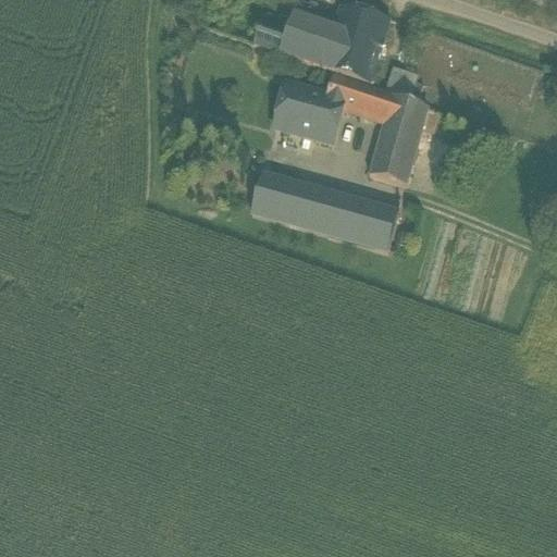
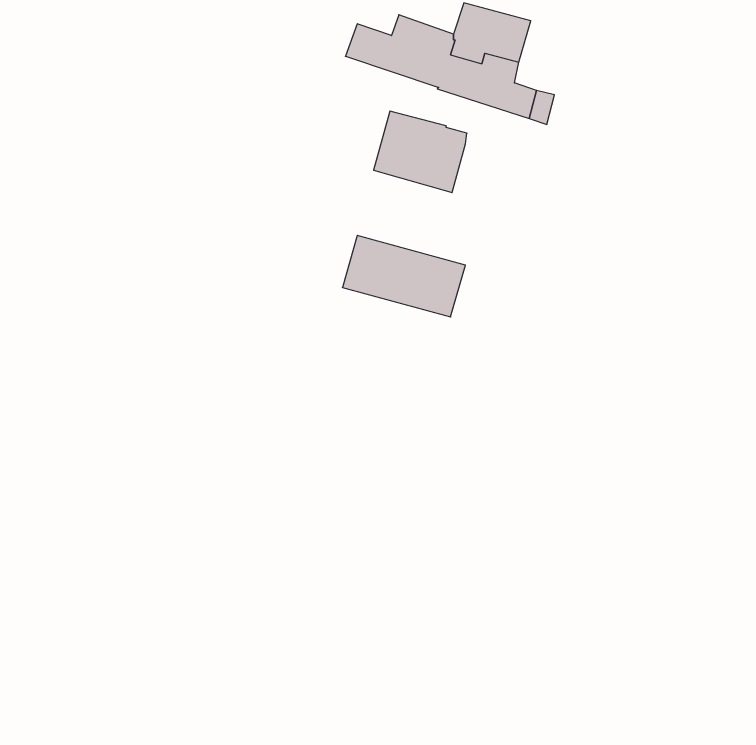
building: [327,73,428,183] -> none
building: [331,195,398,249] -> none

